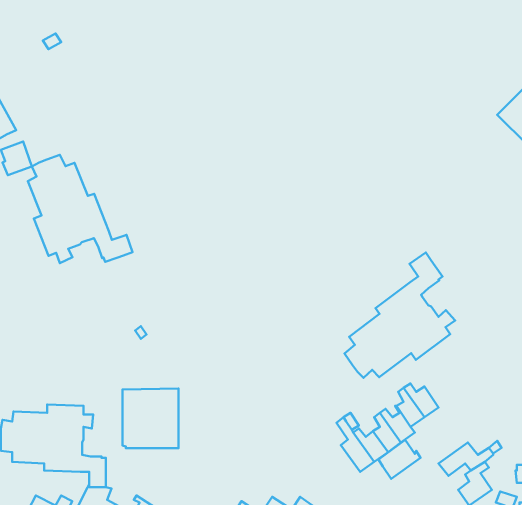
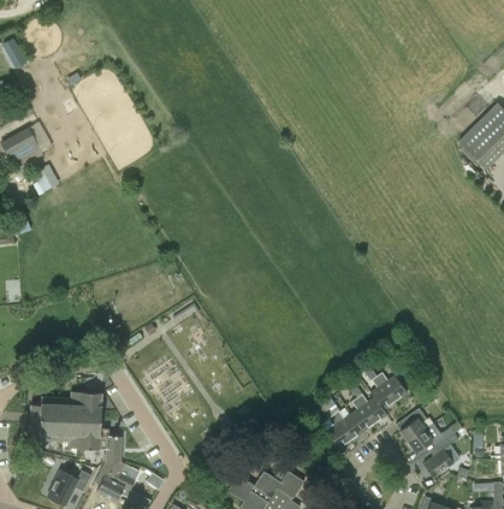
building: [28,155,133,263] -> none
building: [345,253,455,378] -> none
building: [122,389,179,448] -> none
building: [378,440,420,479] -> [396,408,432,442]

